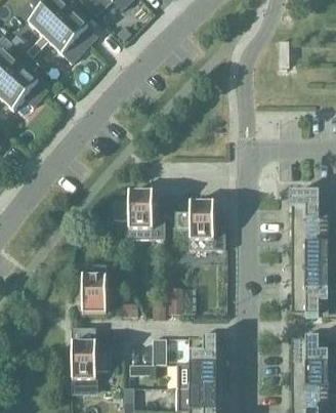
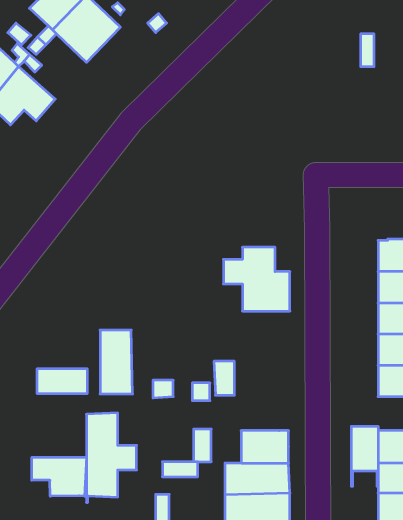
building: [114,191,165,239] -> none
building: none -> [37,369,87,394]
building: none -> [351,426,378,486]
building: none -> [32,457,86,496]

